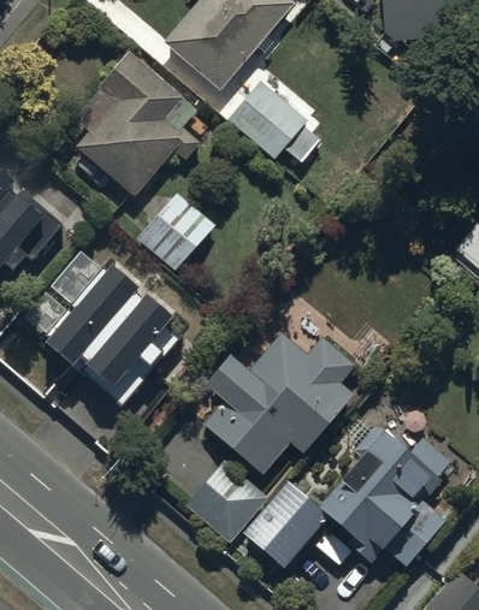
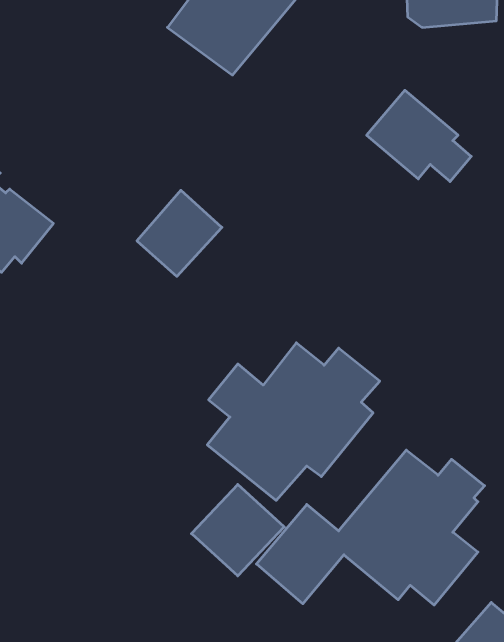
building: [76,49,201,194] -> none
building: [226,78,321,161] -> [367,90,471,182]
building: [43,257,182,405] -> none

